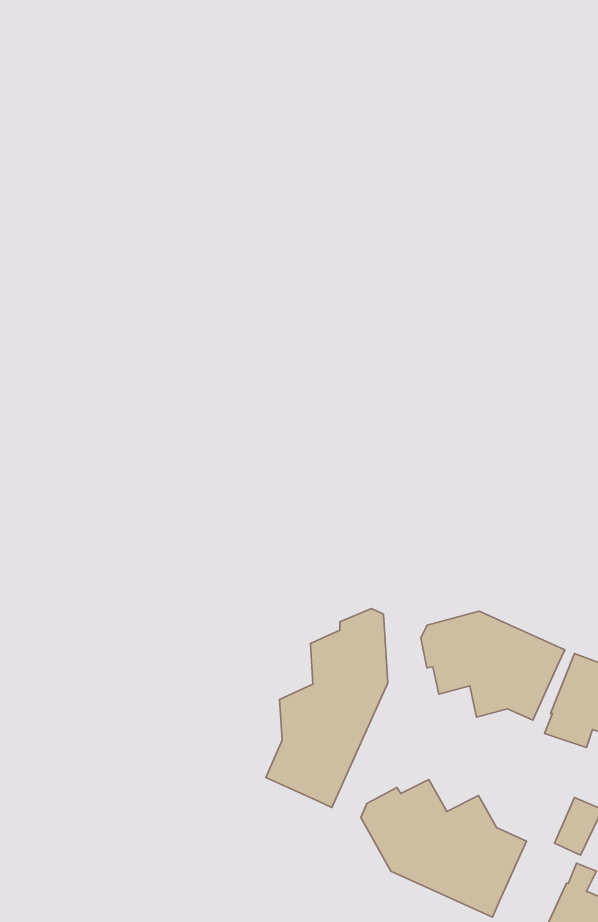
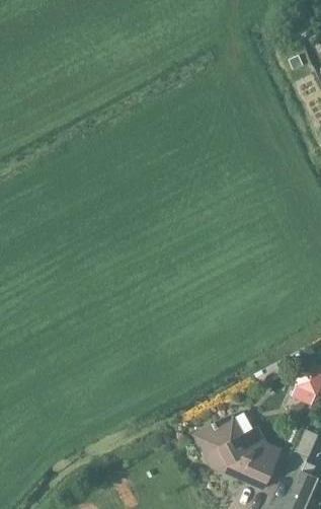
building: [266,608,388,808] -> none
building: [421,611,565,720] -> none

